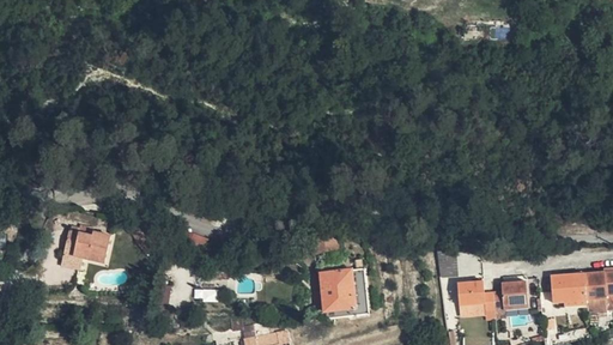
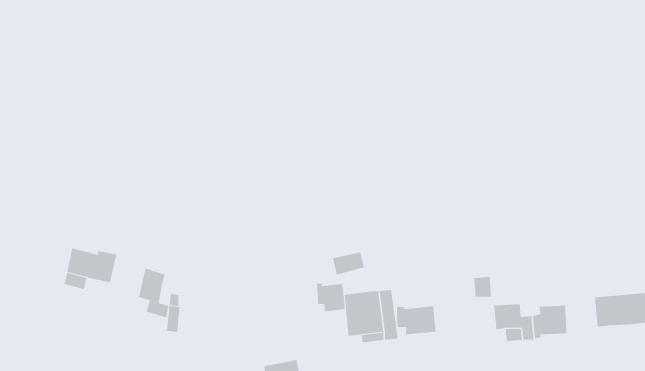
building: none -> [138,268,169,318]
building: none -> [317,283,345,312]
building: none -> [396,306,436,335]

